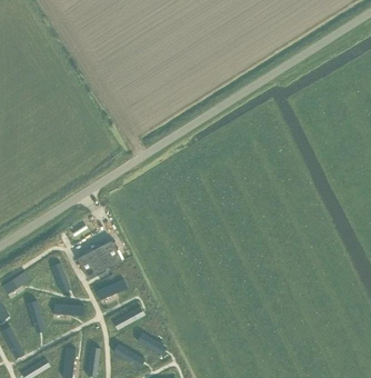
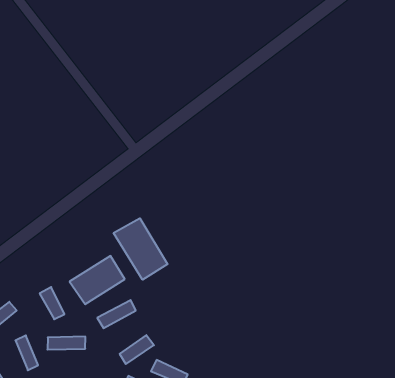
building: none -> [114,218,168,280]

